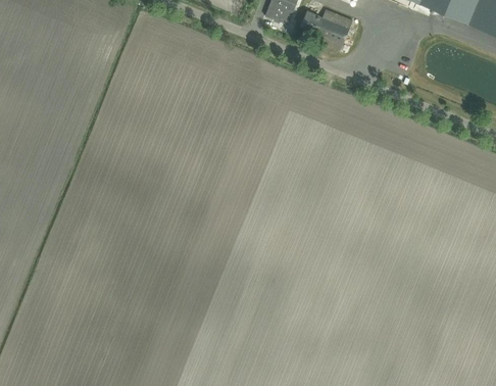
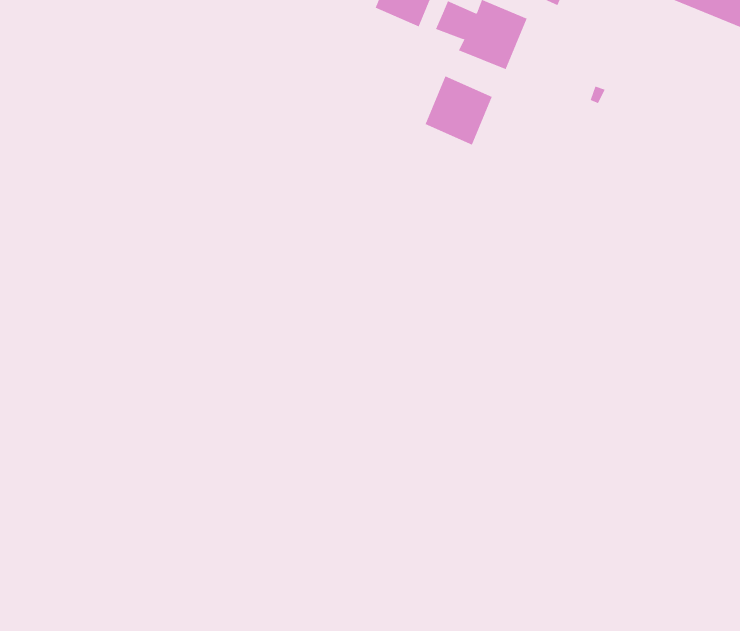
building: none -> [425,76,492,145]

